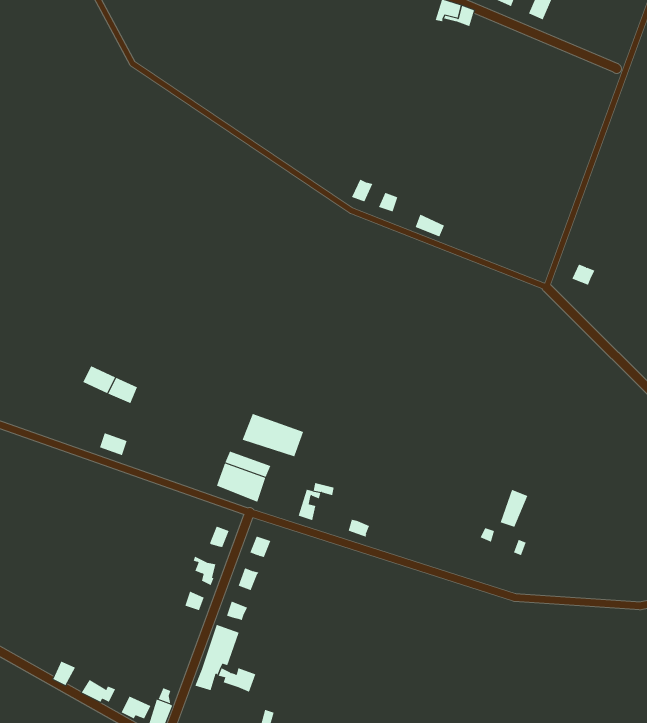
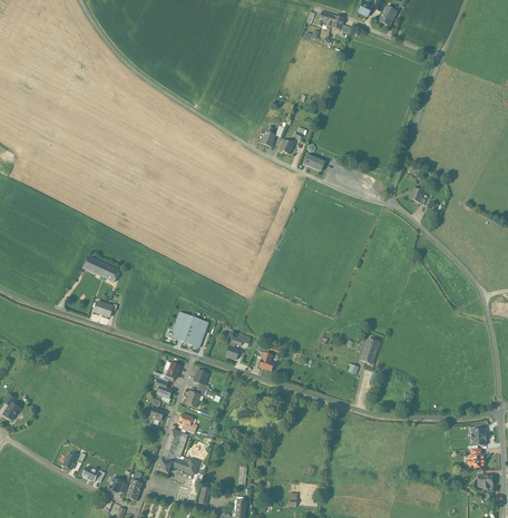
building: [242,413,304,457] -> none

